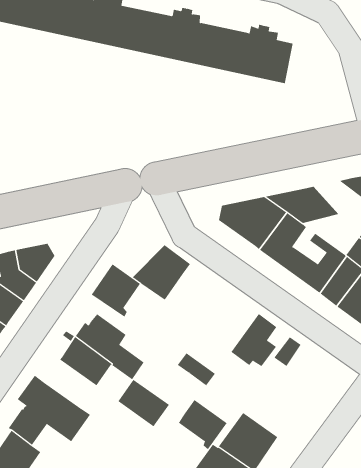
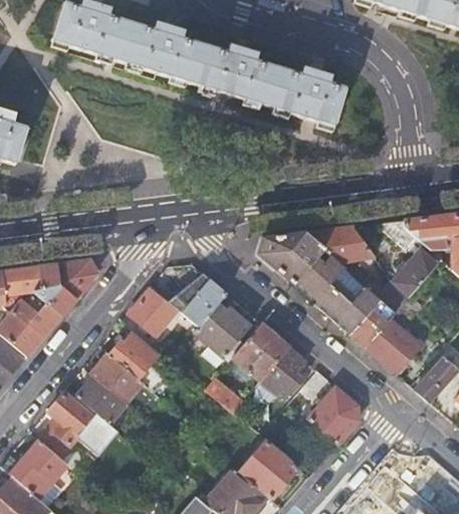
building: none -> [194,301,251,356]
building: none -> [231,322,288,380]
building: none -> [306,387,359,445]
building: [118,379,170,427] -> [75,374,126,423]
building: [178,399,228,450] -> none

